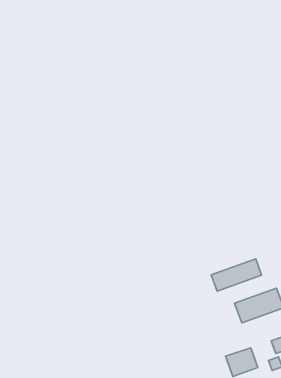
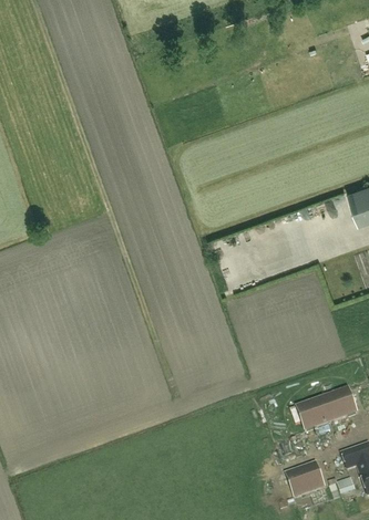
building: [211,259,262,291] -> none

